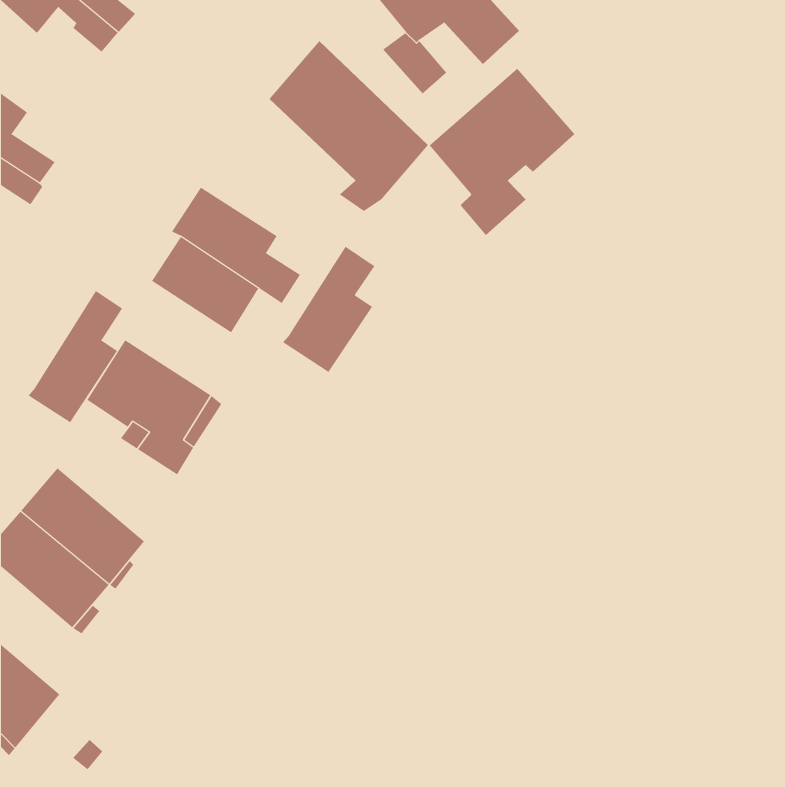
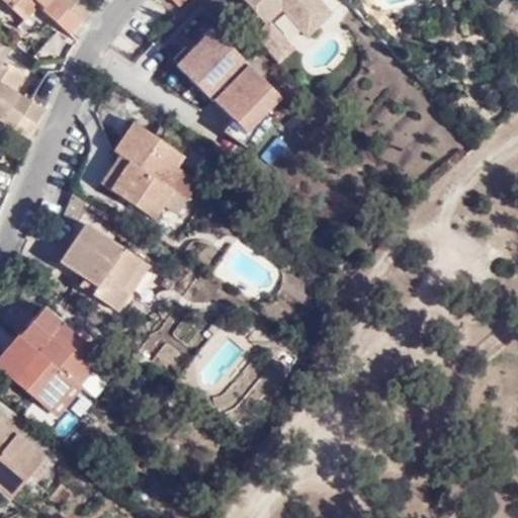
building: [429,68,575,236] -> none
building: [282,246,375,373] -> none
building: [28,290,123,423] -> none

